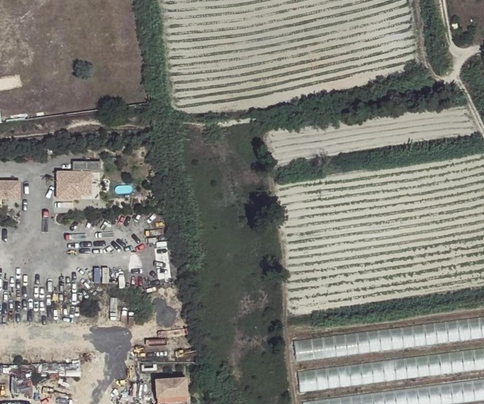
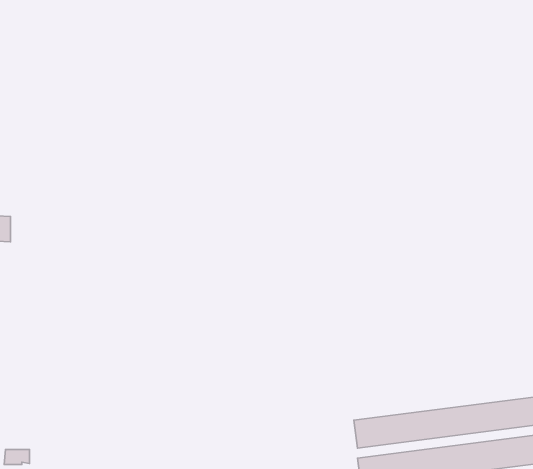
building: [55,170,93,199] -> none

